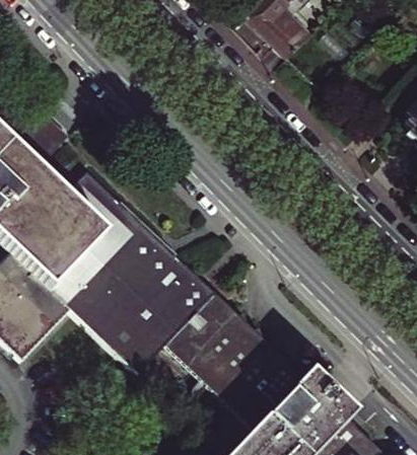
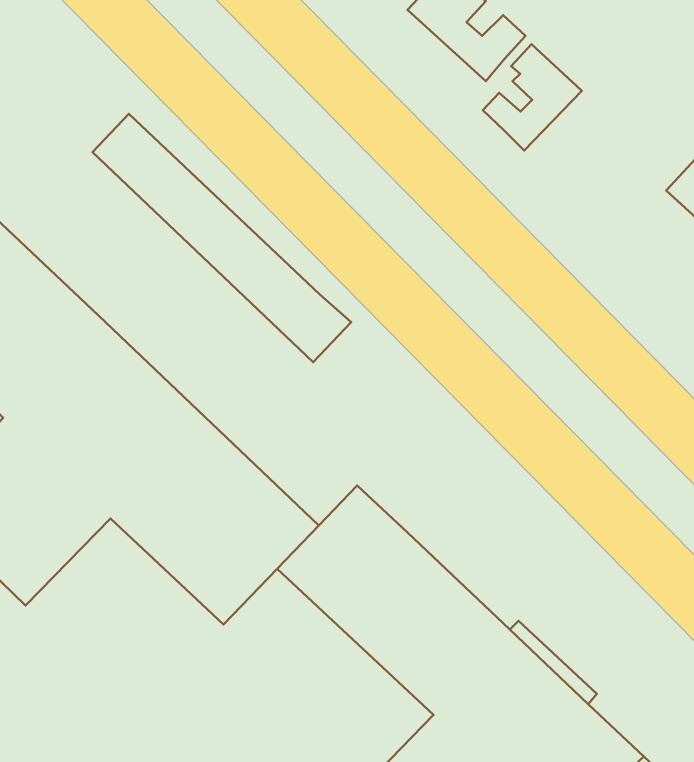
building: none -> [483,44,582,151]
building: [64,171,215,316] -> [93,114,351,362]

